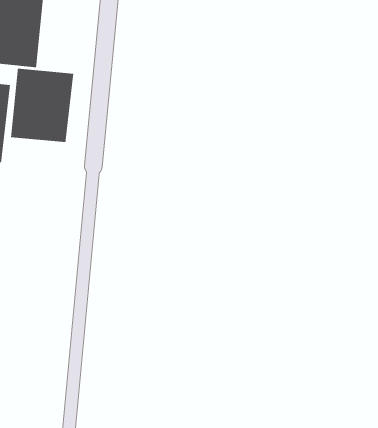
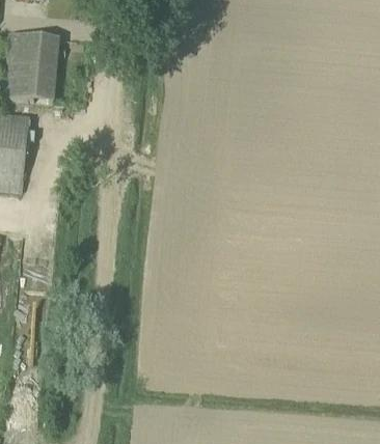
building: [11,68,74,143] -> none

